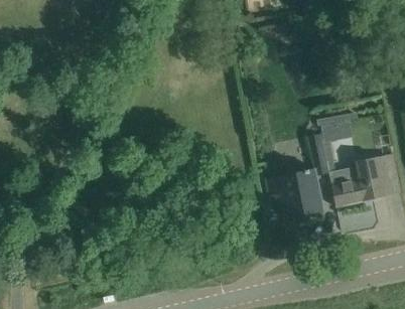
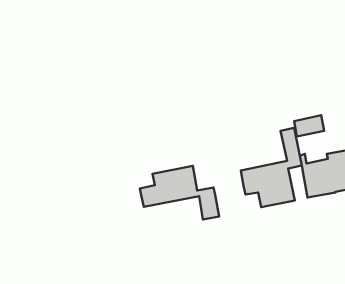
building: none -> [140,166,219,220]

